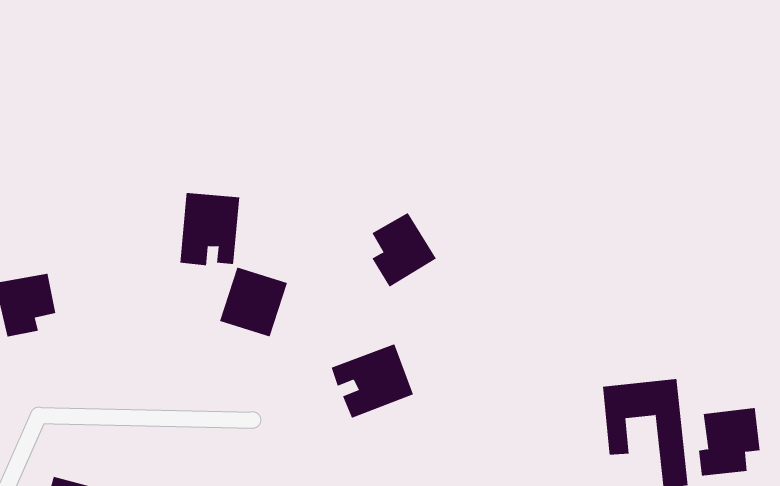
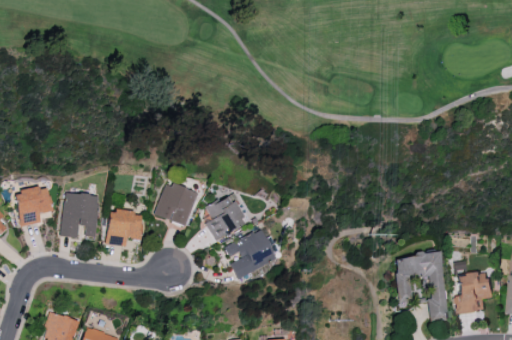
building: [180,193,240,266] -> [61,192,99,238]
building: [371,212,437,287] -> [205,194,246,241]
building: none -> [105,209,143,246]

